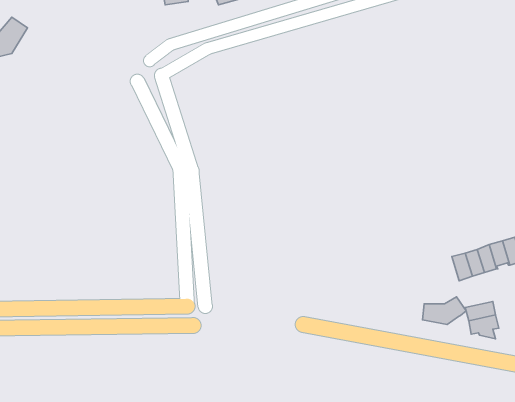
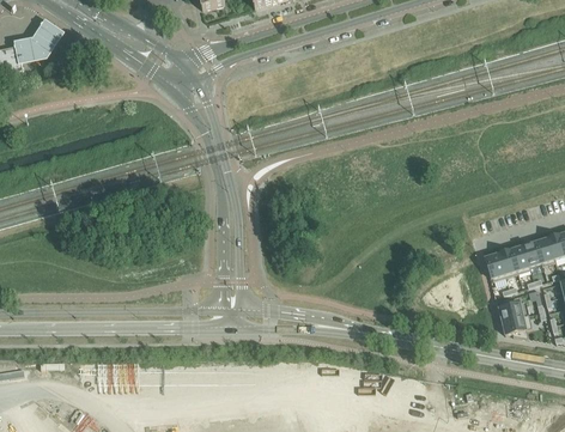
building: [422,297,466,324] -> none

